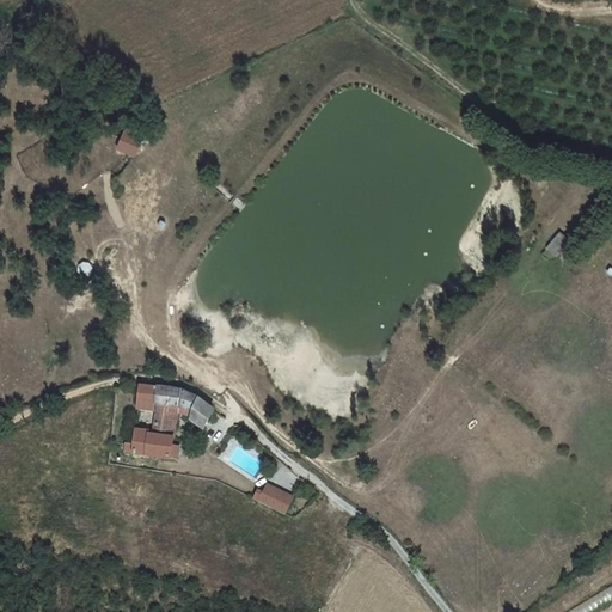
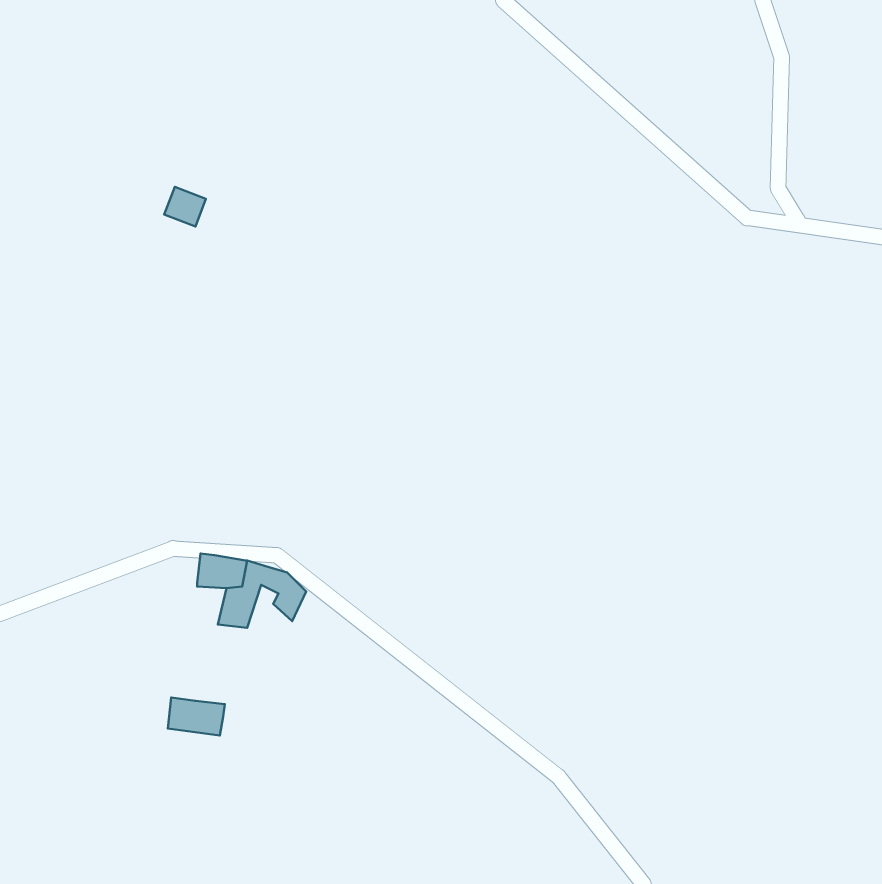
building: [131,429,171,455] -> [168,697,225,735]
building: [252,483,293,514] -> none

